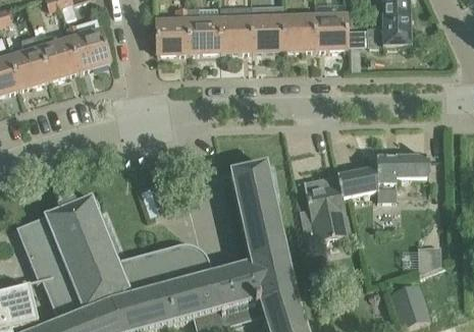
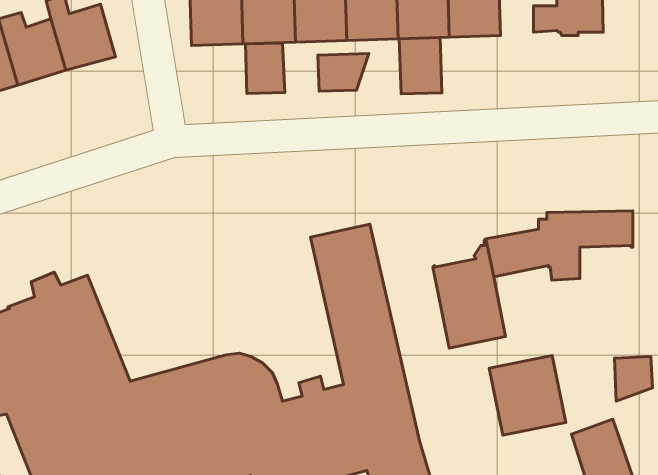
building: none -> [399,38,442,94]
building: none -> [246,43,285,93]
building: none -> [318,53,369,91]
building: none -> [489,356,566,435]

